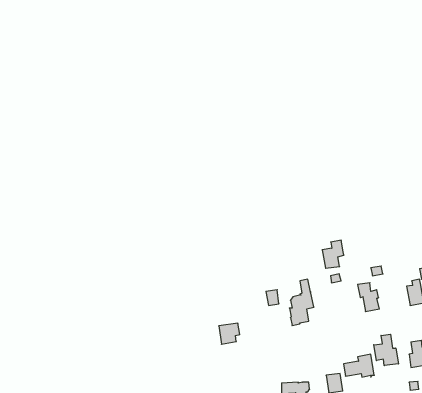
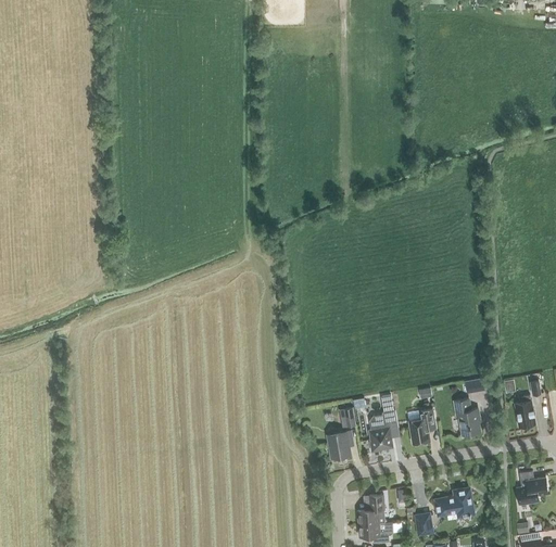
building: [322,240,344,268] -> [408,409,435,444]
building: [219,323,240,344] -> [328,432,354,458]
building: [374,334,398,366] -> none
building: none -> [357,495,384,524]

